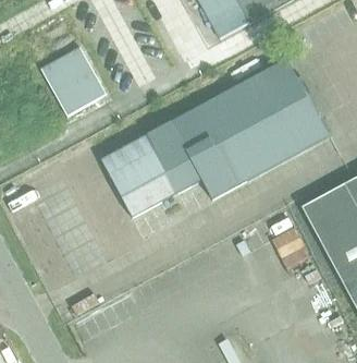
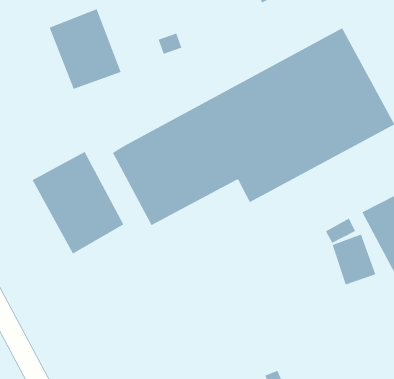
building: none -> [32,151,124,255]

